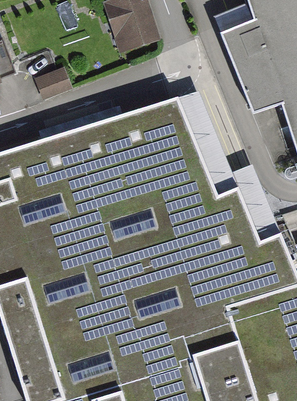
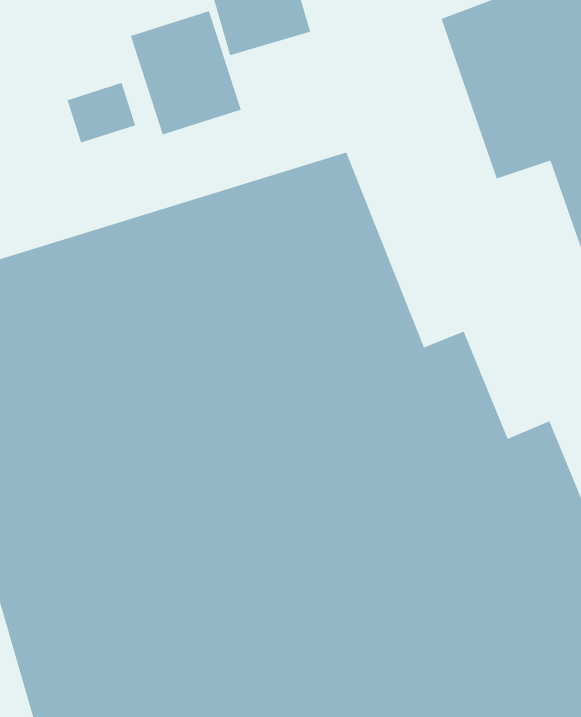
building: none -> [130,10,242,135]
building: [177,90,279,243] -> none

